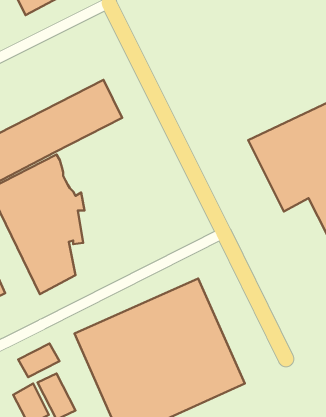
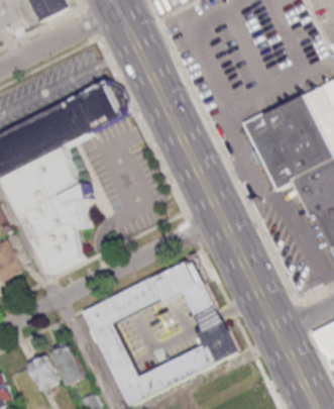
building: [18,343,59,377] -> none

